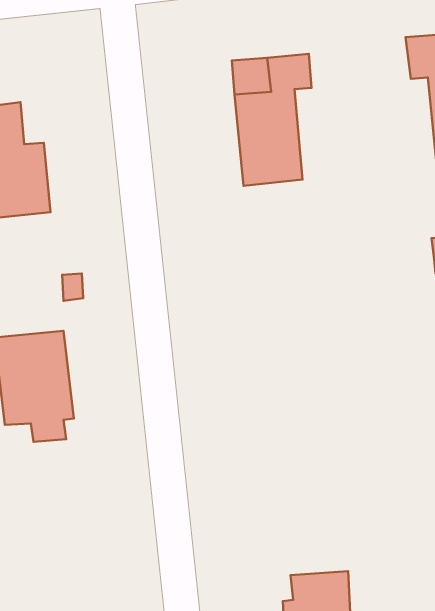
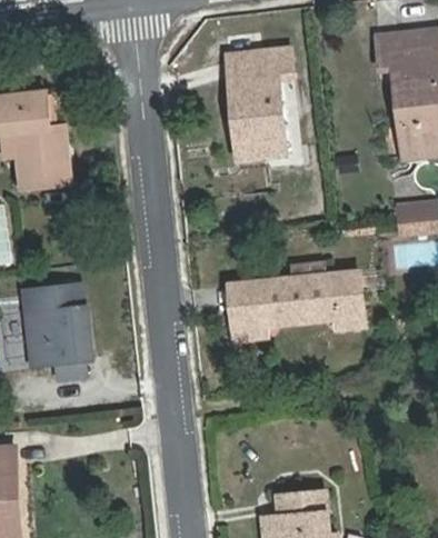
building: none -> [226,270,365,338]

